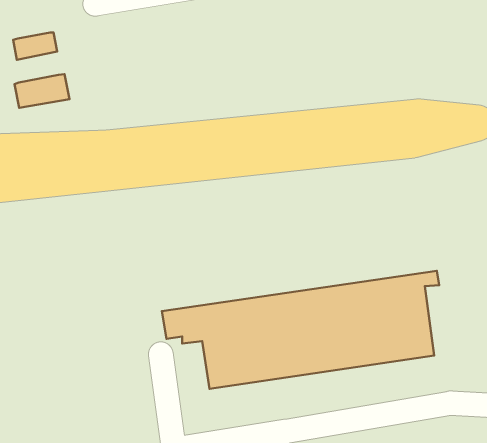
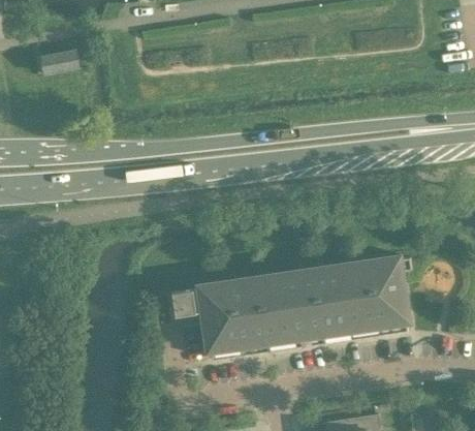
building: [15,74,69,108] -> none

